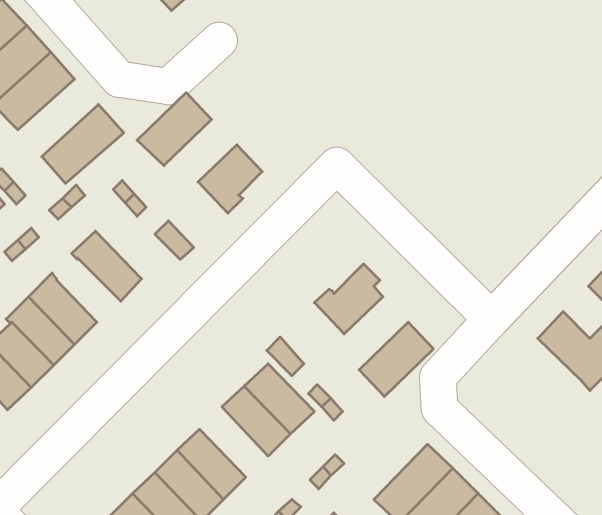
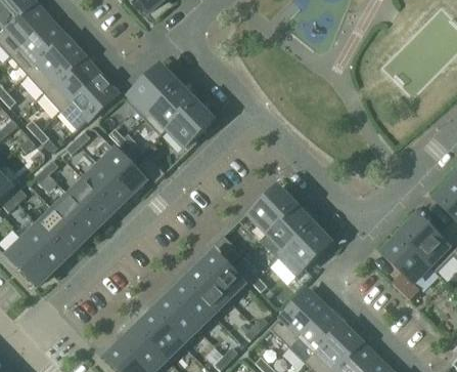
building: none -> [44,57,99,111]
building: none -> [144,85,194,128]
building: none -> [97,147,145,195]
building: none -> [71,180,113,224]
building: none -> [268,207,312,257]
building: none -> [383,236,430,299]
building: none -> [169,283,216,331]
building: none -> [270,290,325,346]

